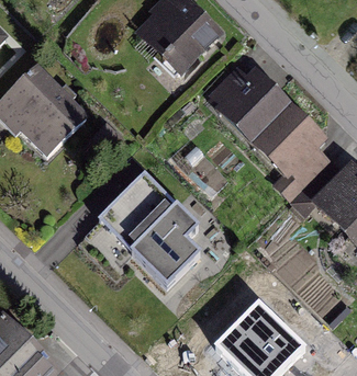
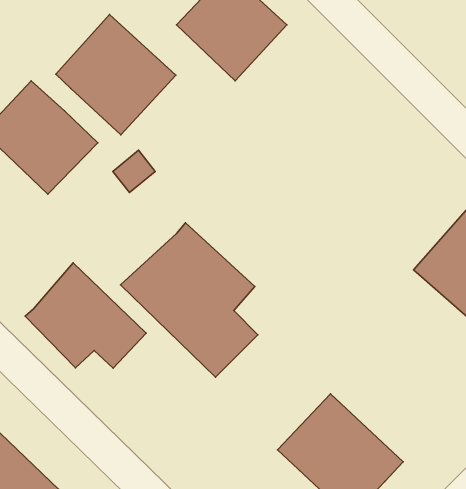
building: none -> [56,14,176,135]
building: [208,67,338,197] -> none
building: none -> [25,263,146,368]

